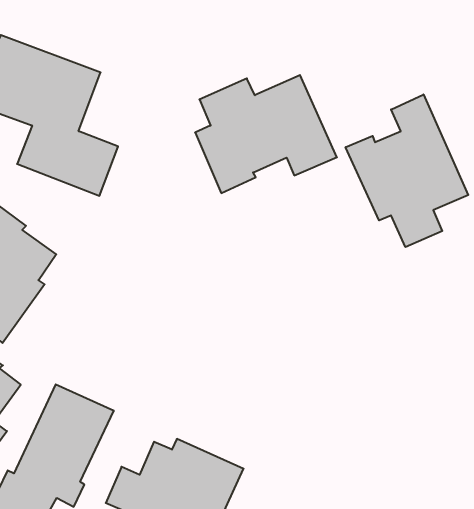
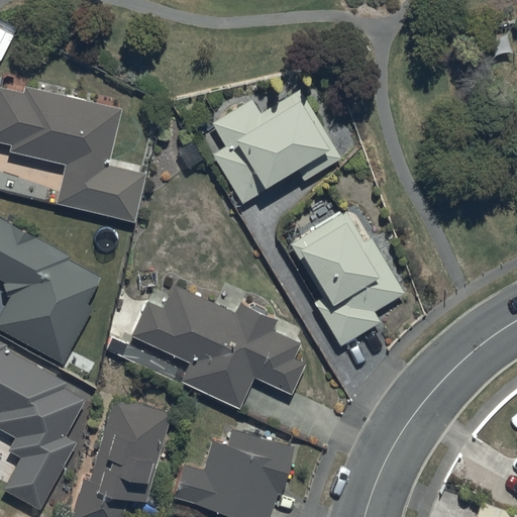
building: [346,94,468,247] -> none
building: none -> [292,211,407,347]
building: none -> [130,286,305,408]

